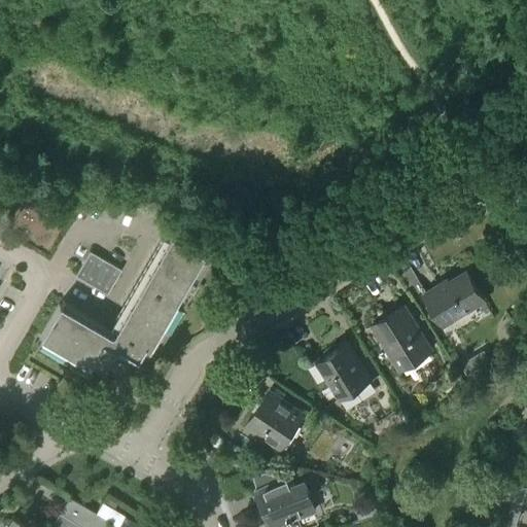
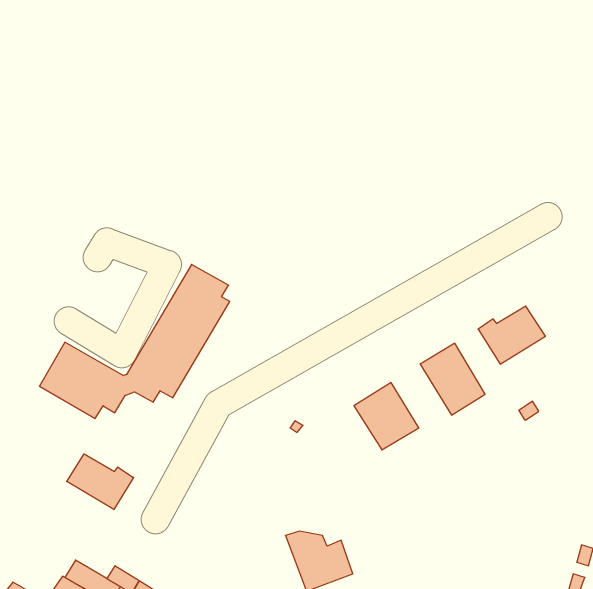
building: [75,254,121,296] -> none
building: [245,392,304,451] -> none
building: none -> [67,454,134,510]

